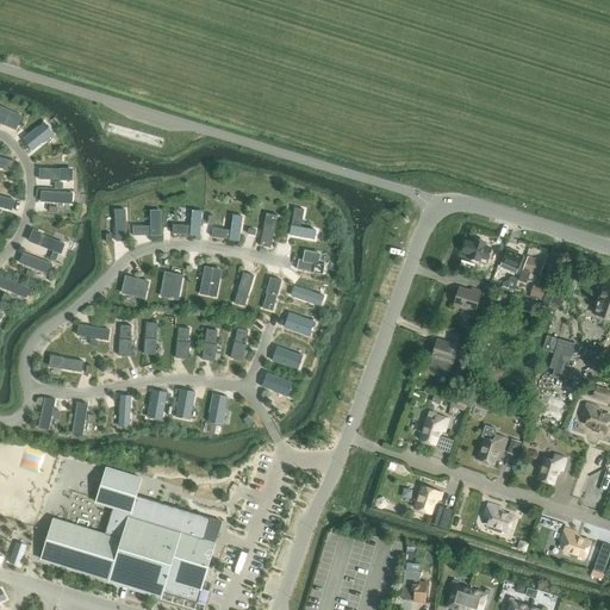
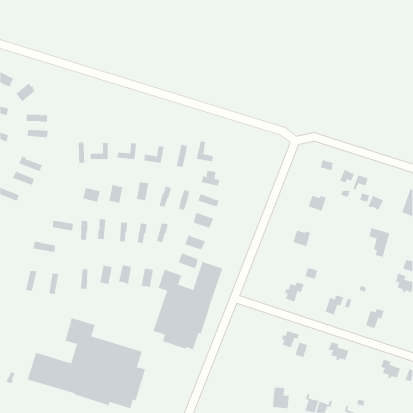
building: none -> [153,261,223,352]

